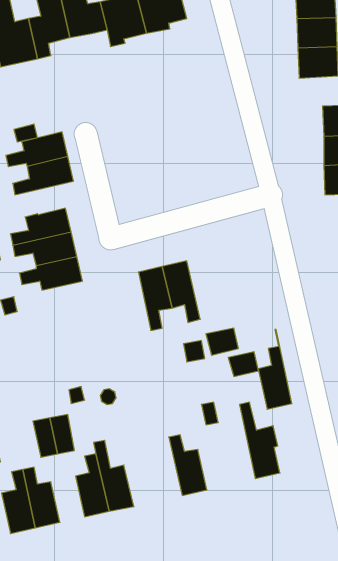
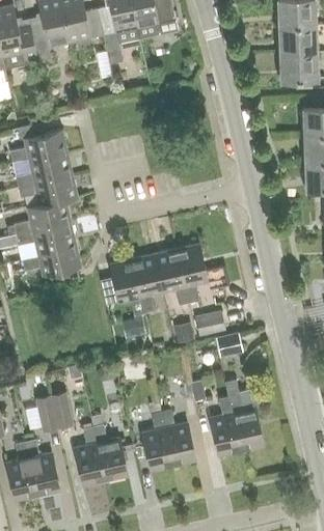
building: none -> [18,175,77,206]
building: none -> [177,244,208,303]
building: none -> [109,259,145,338]
building: [258,330,292,409] -> [209,382,240,455]
building: none -> [141,402,172,471]

